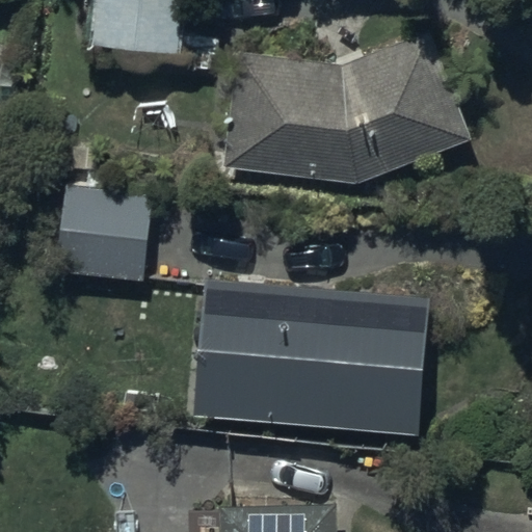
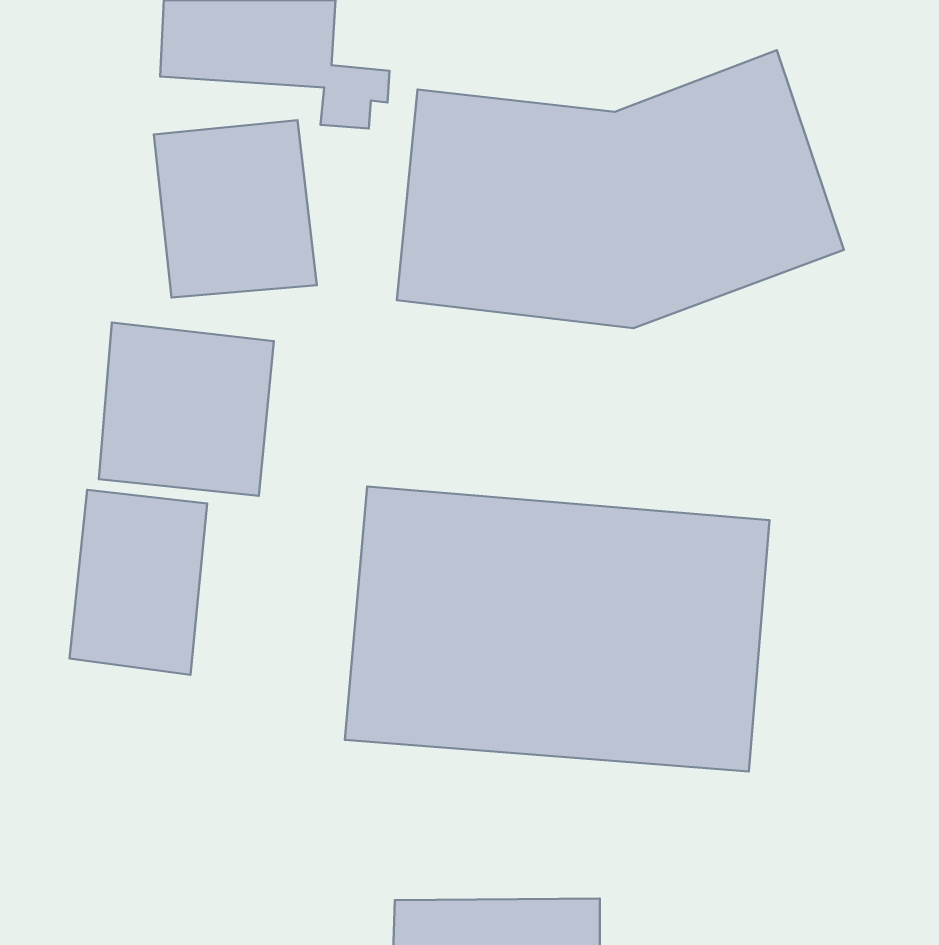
building: none -> [154,120,317,298]
building: none -> [70,490,207,675]

